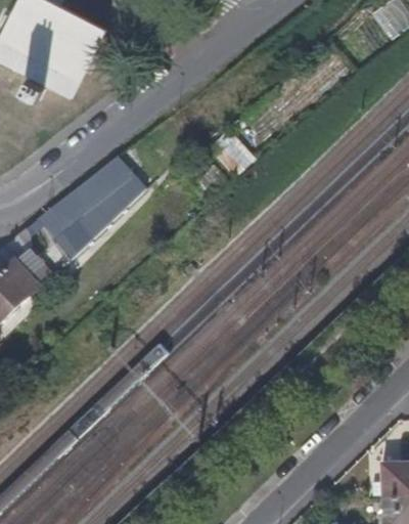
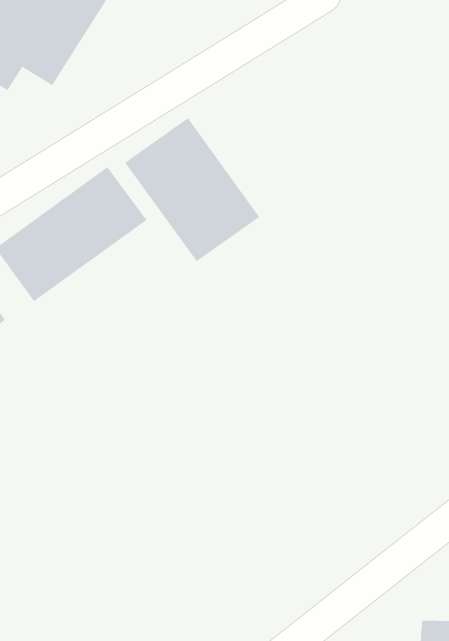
building: none -> [124,117,260,262]

